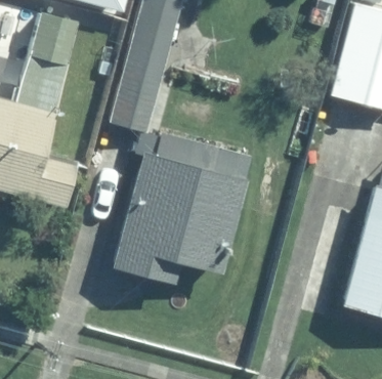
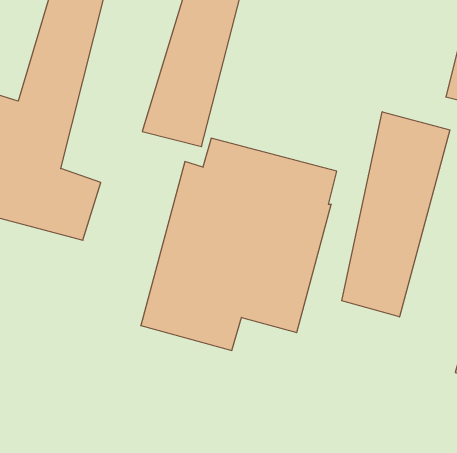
building: none -> [342,112,450,317]

